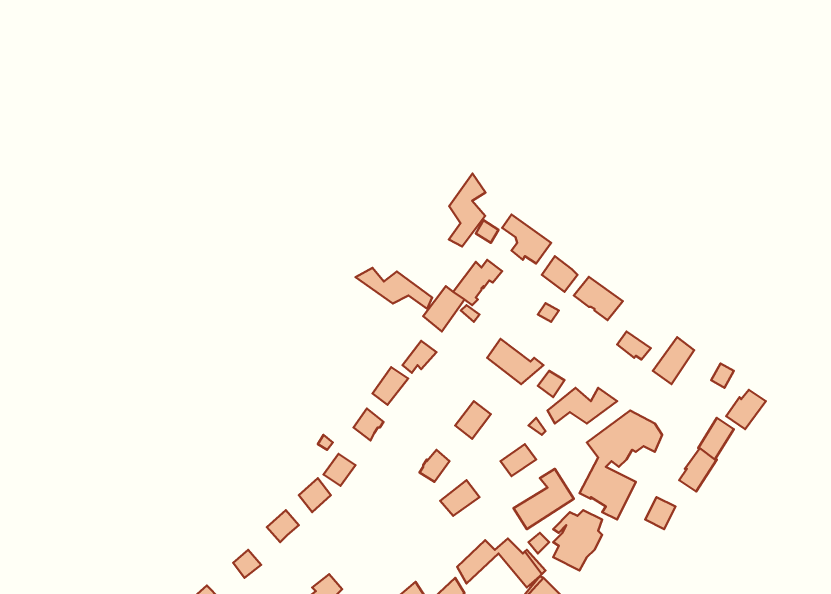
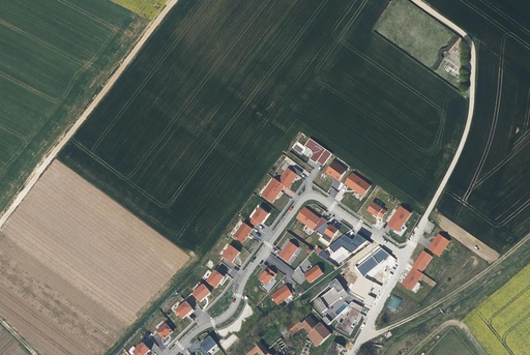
building: [449,174,486,246] -> none
building: [355,268,432,309] -> none

